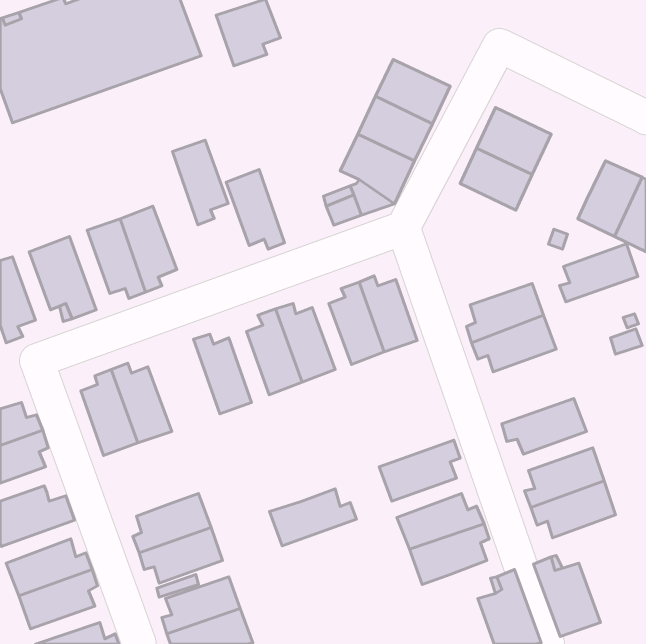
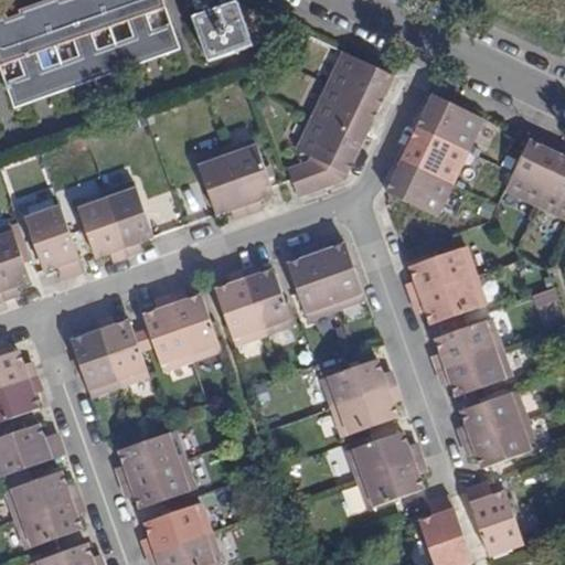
building: [172,140,228,225] -> [226,138,275,212]
building: none -> [384,160,450,216]
building: [560,244,638,302] -> [433,319,501,370]
building: none -> [143,296,192,371]
building: [269,489,357,546] -> [320,358,396,407]

